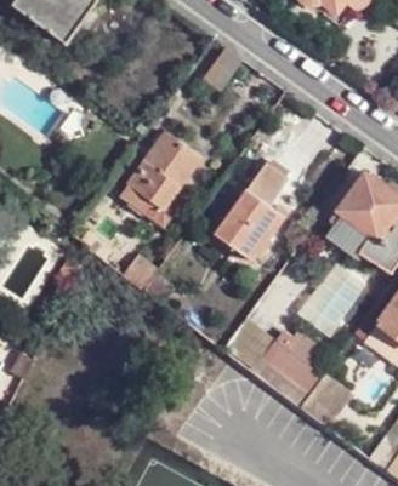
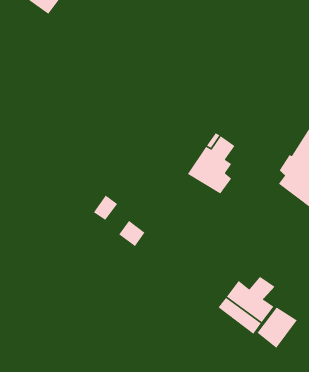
building: [119,135,199,227] -> none

